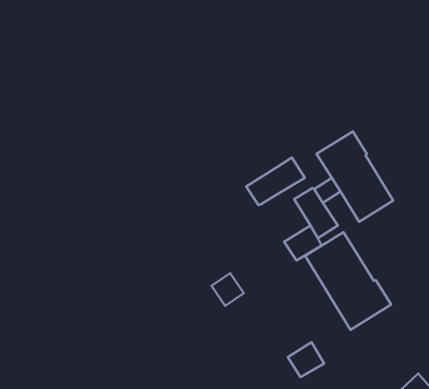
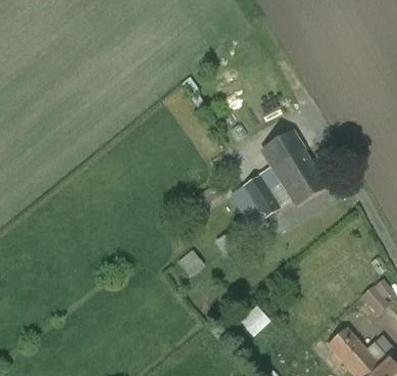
building: [246,157,305,205] -> none
building: [305,232,391,330] -> none

